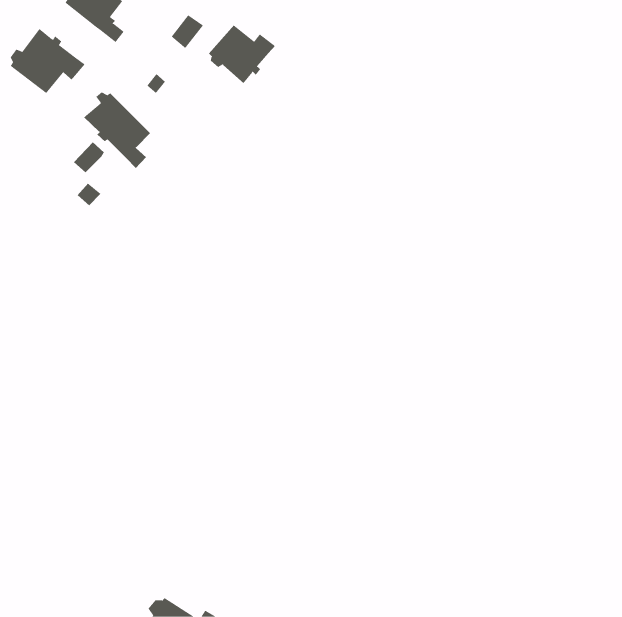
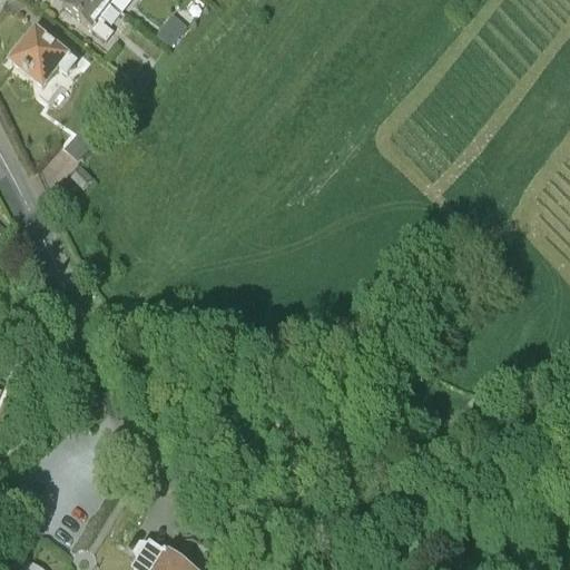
building: [208,25,276,84] -> none
building: [83,91,151,169] -> none

